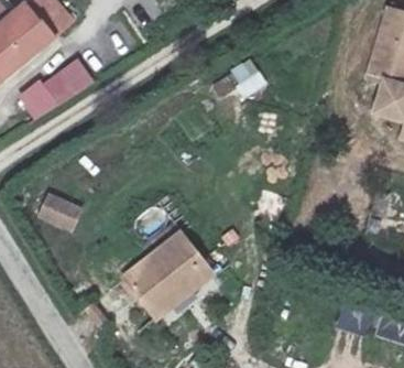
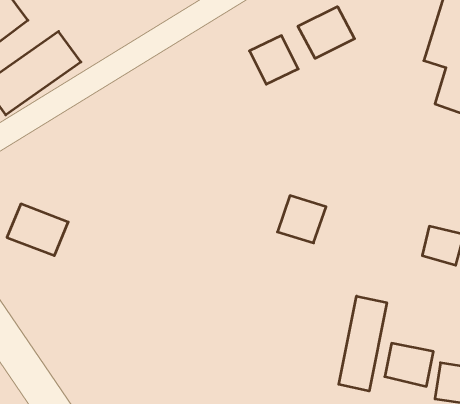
building: none -> [298,7,355,58]
building: [123,227,214,314] -> none
building: none -> [339,296,387,391]

